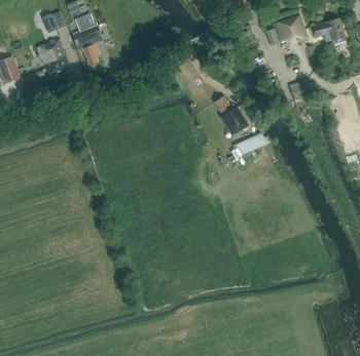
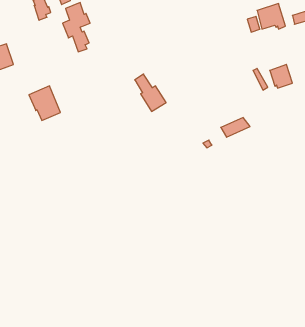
building: [37,39,70,75] -> [29,86,60,120]
building: [215,95,248,134] -> [135,74,166,111]

